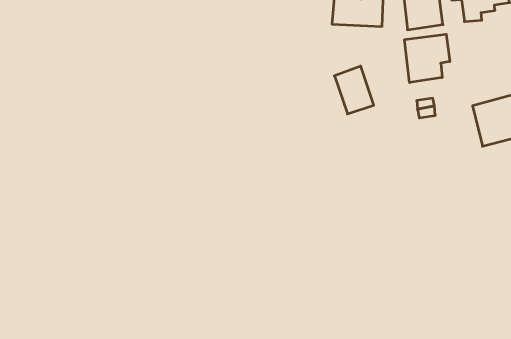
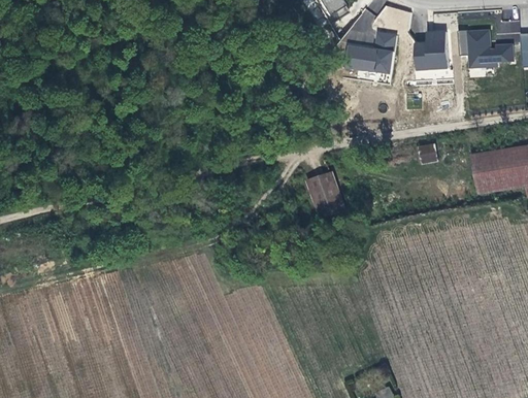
building: [405,34,450,83] -> none
building: [334,66,374,114] -> [307,170,342,214]

